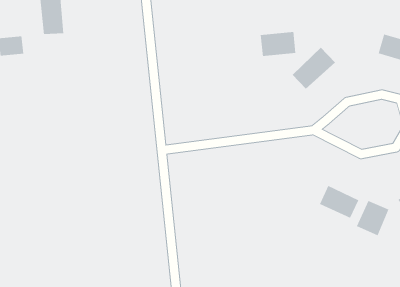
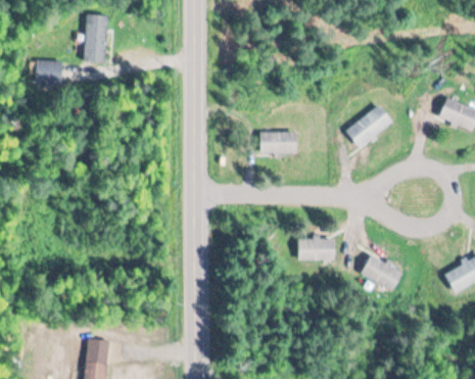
building: [260,31,296,57] -> [260,132,297,155]
building: none -> [299,237,335,259]
building: [356,200,389,236] -> none

